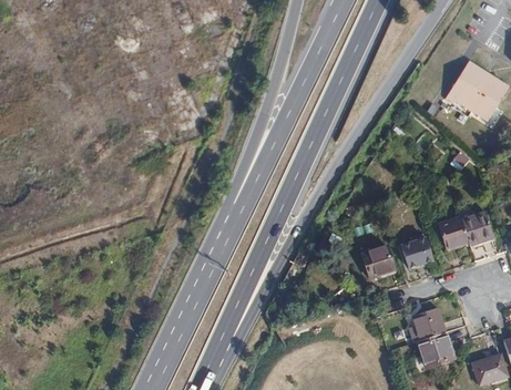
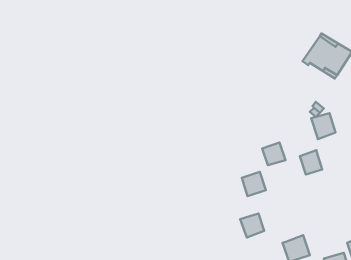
building: [461,212,493,246] -> [311,113,335,139]
building: [400,238,431,268] -> [262,143,285,165]
building: [411,307,443,339] -> [240,213,264,238]

